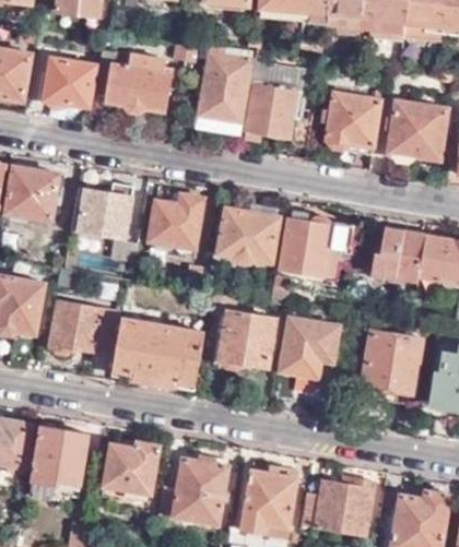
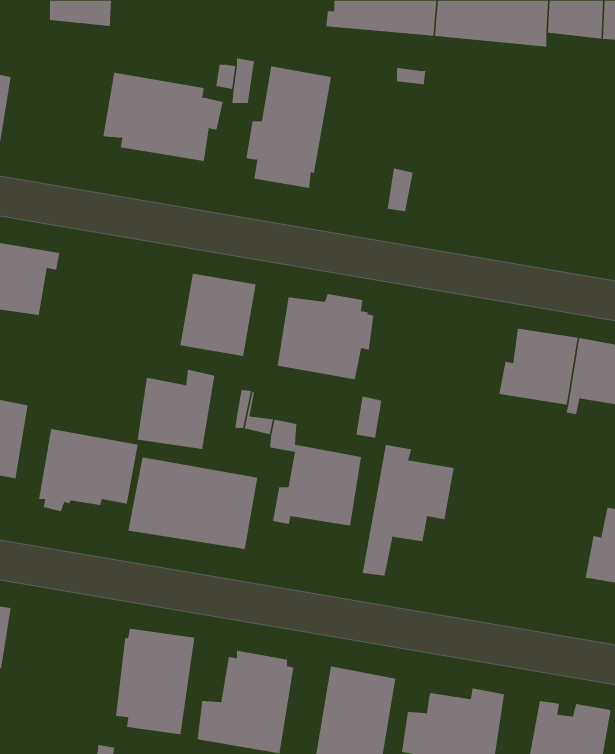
building: [246,43,314,141] -> none
building: [40,58,97,108] -> none
building: [321,85,380,151] -> none
building: [388,104,446,162] -> none
building: [79,183,133,239] -> [137,369,215,449]
building: [281,218,352,277] -> none
building: [365,331,422,406] -> none
building: [30,426,89,503] -> none

